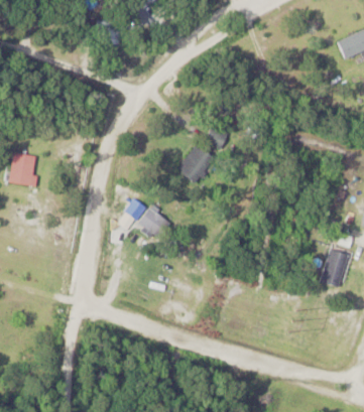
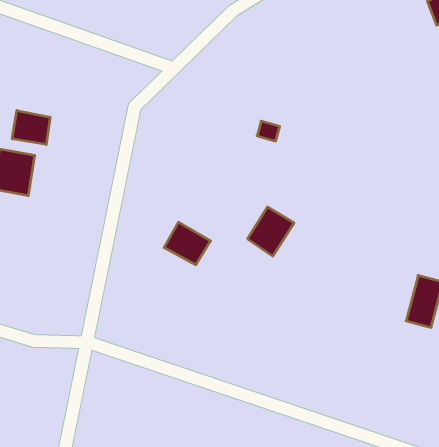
building: none -> [12,110,50,145]
building: [178,146,214,183] -> [248,207,294,256]

